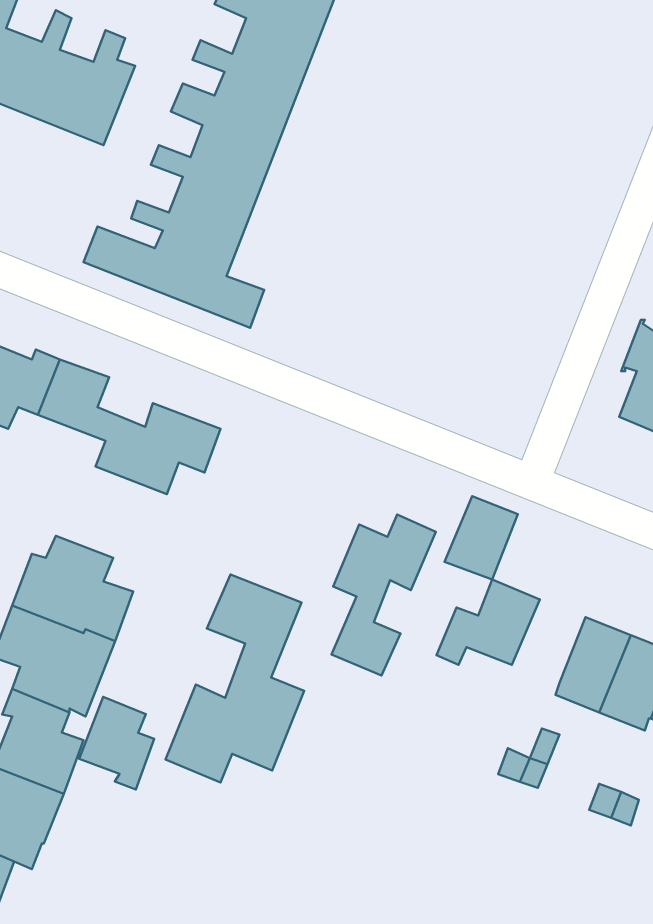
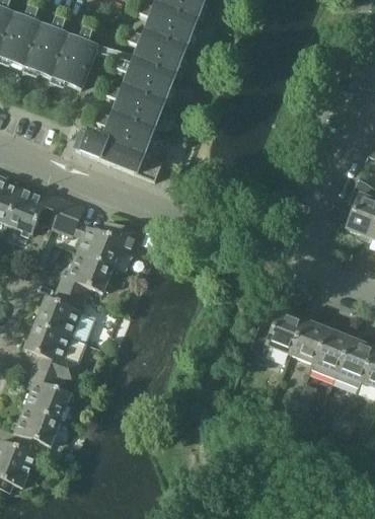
building: none -> [57,251,114,298]
building: [445,496,518,580] -> [290,319,327,362]
building: [331,515,436,675] -> none
building: [166,575,304,782] -> none
building: [79,697,154,790] -> none

